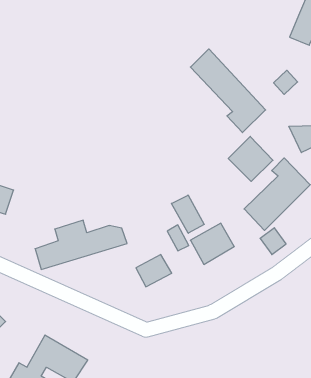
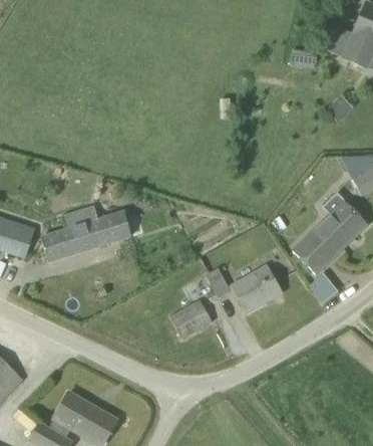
building: [190,49,266,133] -> none
building: [228,136,273,181] -> none
building: [171,195,204,233] -> none
building: [35,220,127,269] -> [40,206,143,261]

